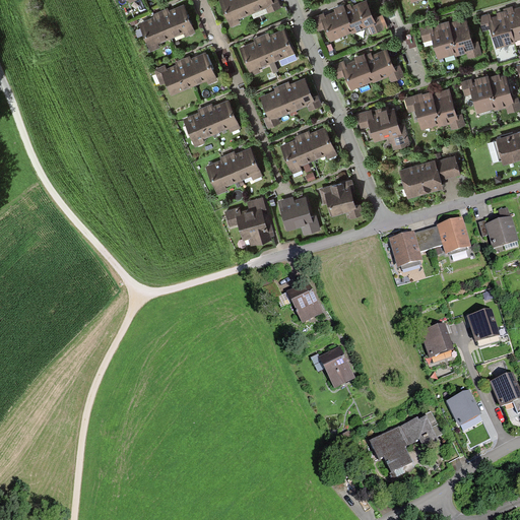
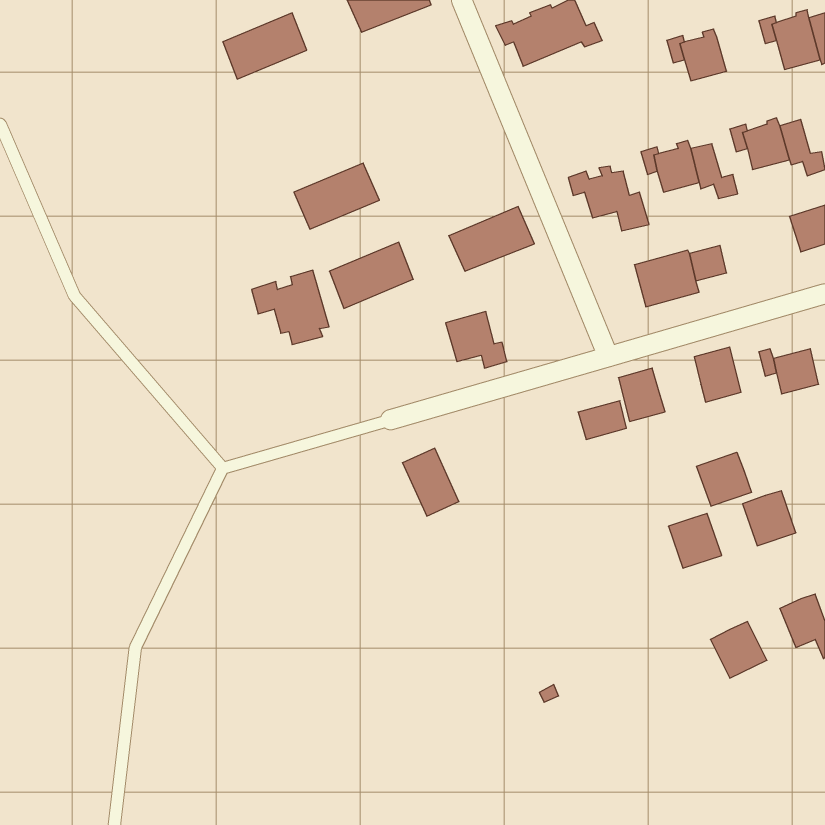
building: [451,19,481,54] -> none
building: [240,30,292,71] -> none
building: [333,47,398,88] -> none
building: [161,54,214,95] -> none
building: [260,80,314,122] -> none
building: [320,178,362,216] -> none
building: [223,197,272,244] -> [252,270,329,345]
building: [410,224,441,249] -> [578,401,626,439]
building: [287,281,323,324] -> [402,448,459,516]
building: none -> [696,452,751,506]
building: [318,345,355,389] -> none
building: [370,412,443,473] -> none

